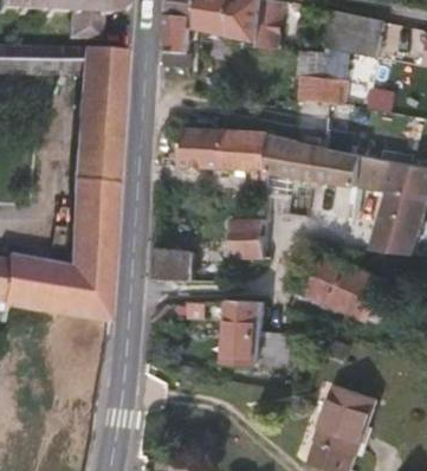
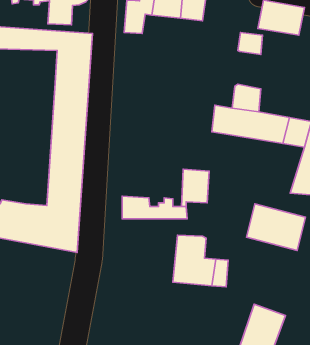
building: [303,72,350,103] -> none
building: [158,124,278,194] -> none

